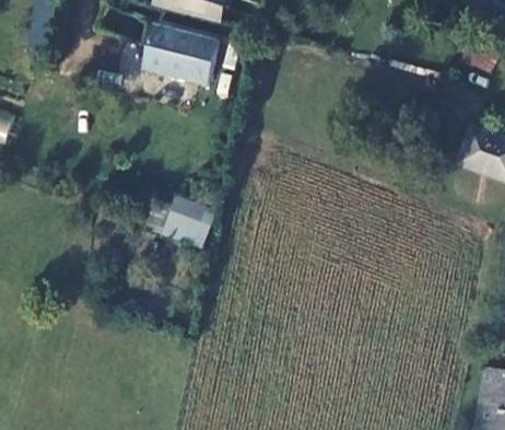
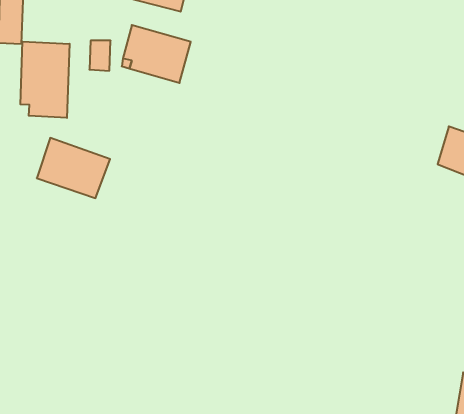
building: none -> [20,41,70,118]
building: [141,188,213,247] -> [37,138,110,198]

